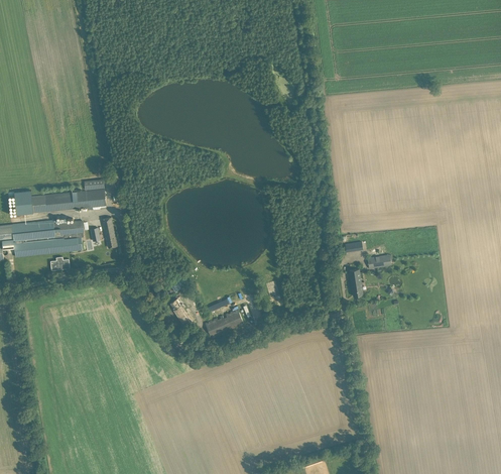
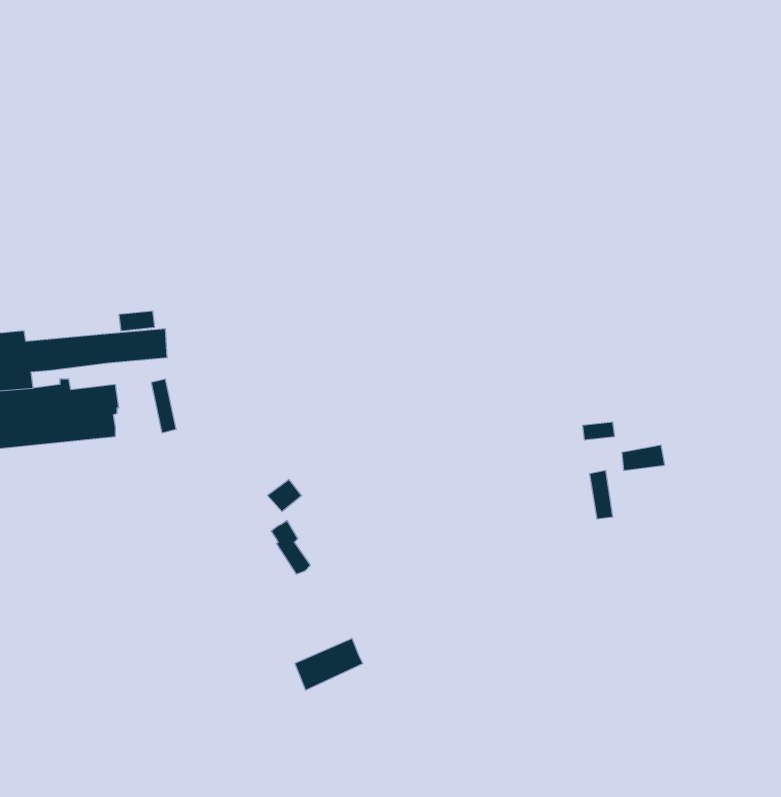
building: [204,309,242,338] -> [295,638,363,690]

